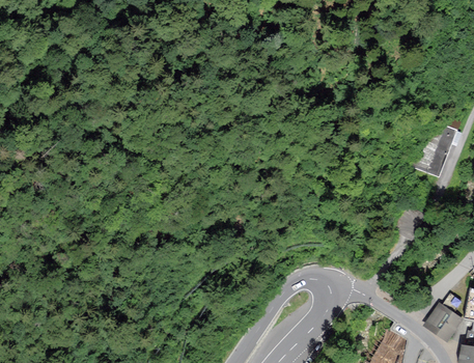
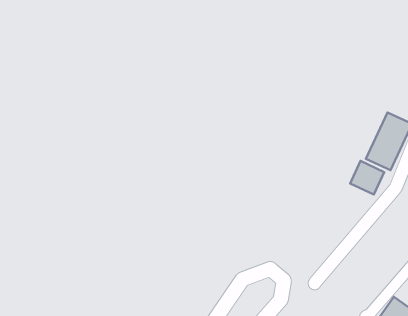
building: none -> [350,161,384,195]

